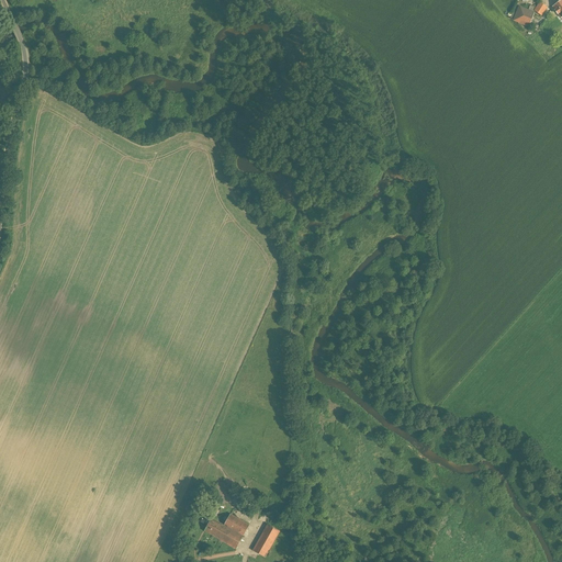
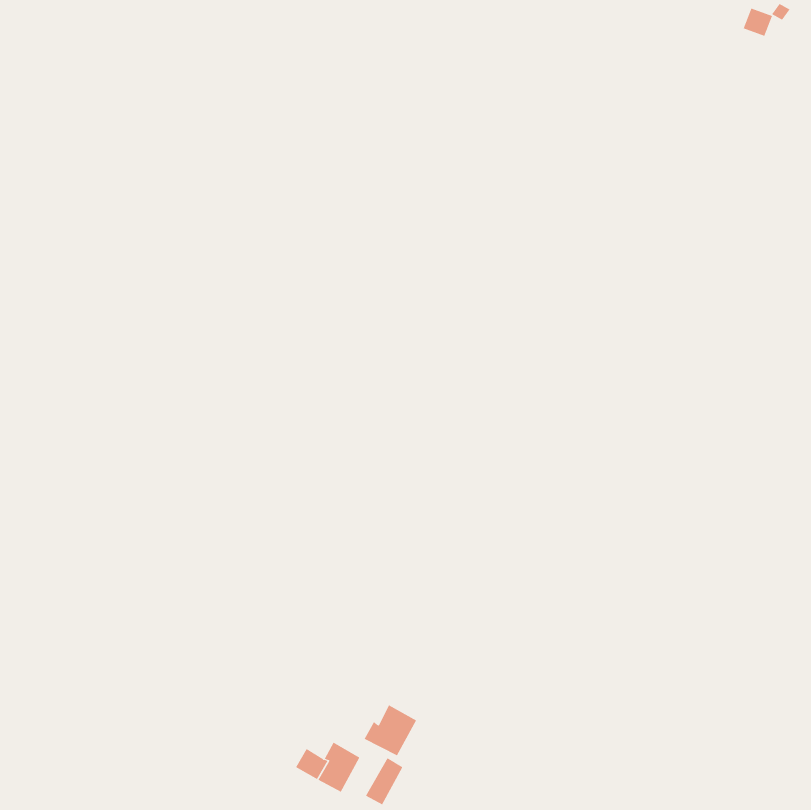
building: none -> [364,704,417,756]

